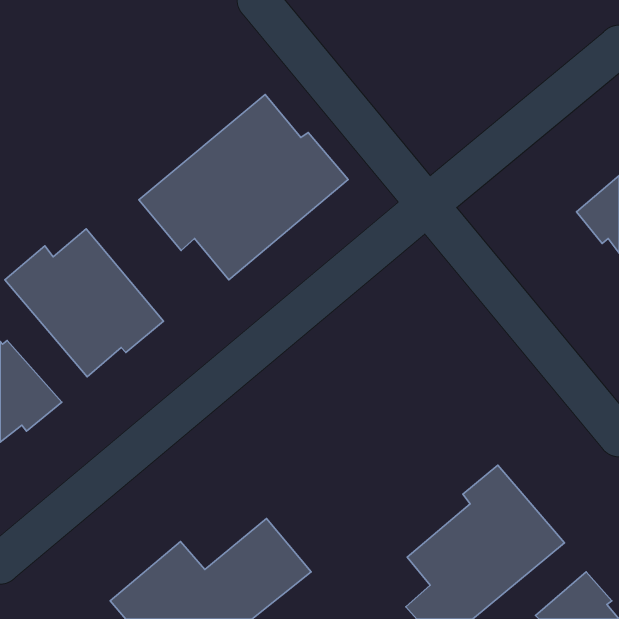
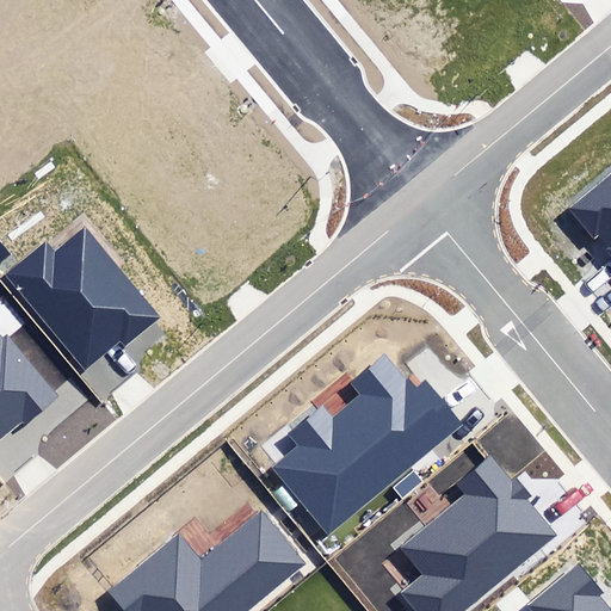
building: [139,94,348,280] -> none
building: none -> [266,359,462,538]

